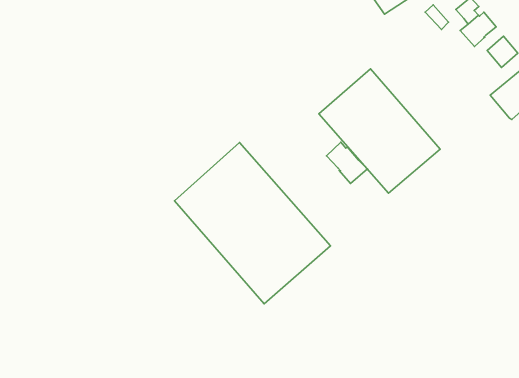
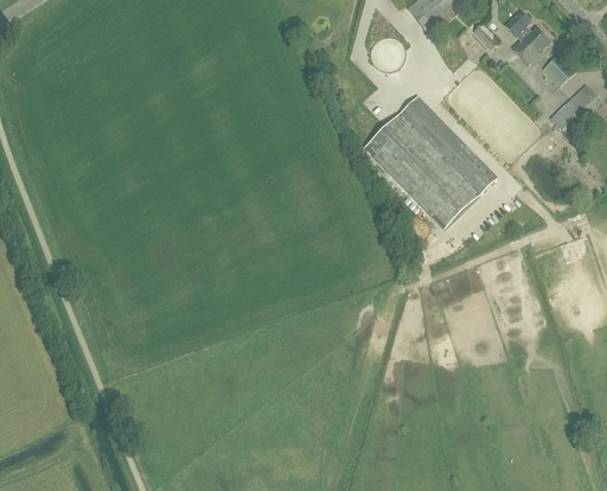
building: [327,142,367,184] -> none
building: [174,143,331,304] -> none

